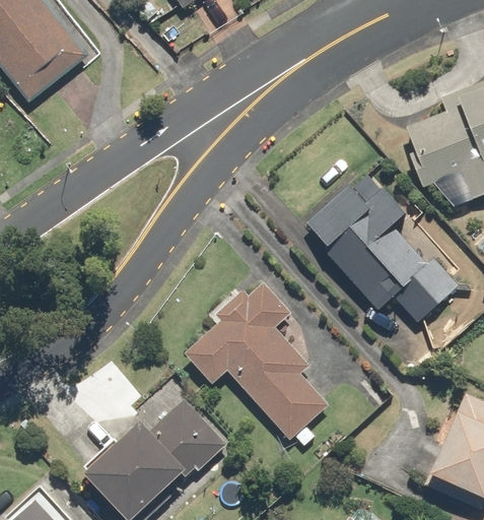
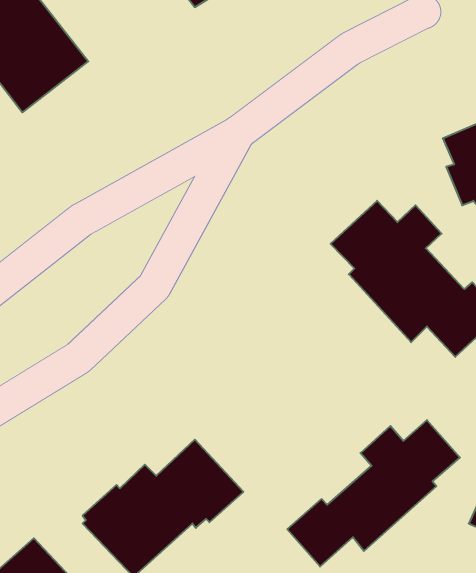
building: [185,282,330,440] -> none
building: none -> [287,420,460,567]

